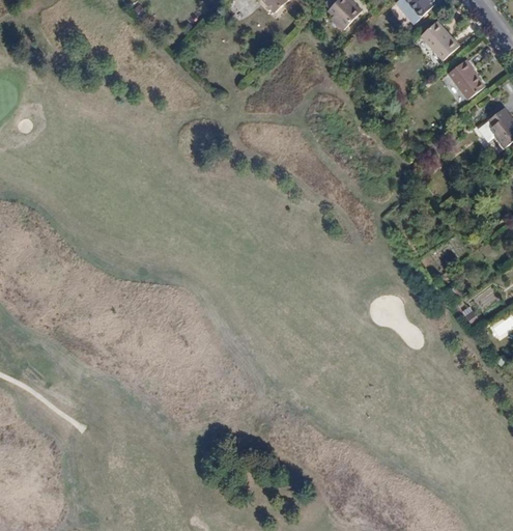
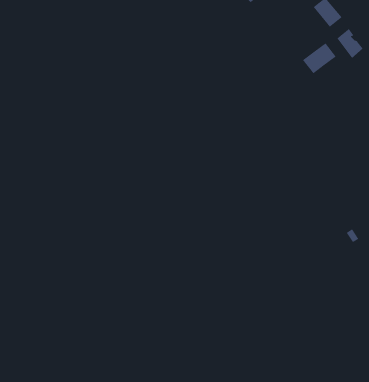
building: none -> [302,43,337,74]

